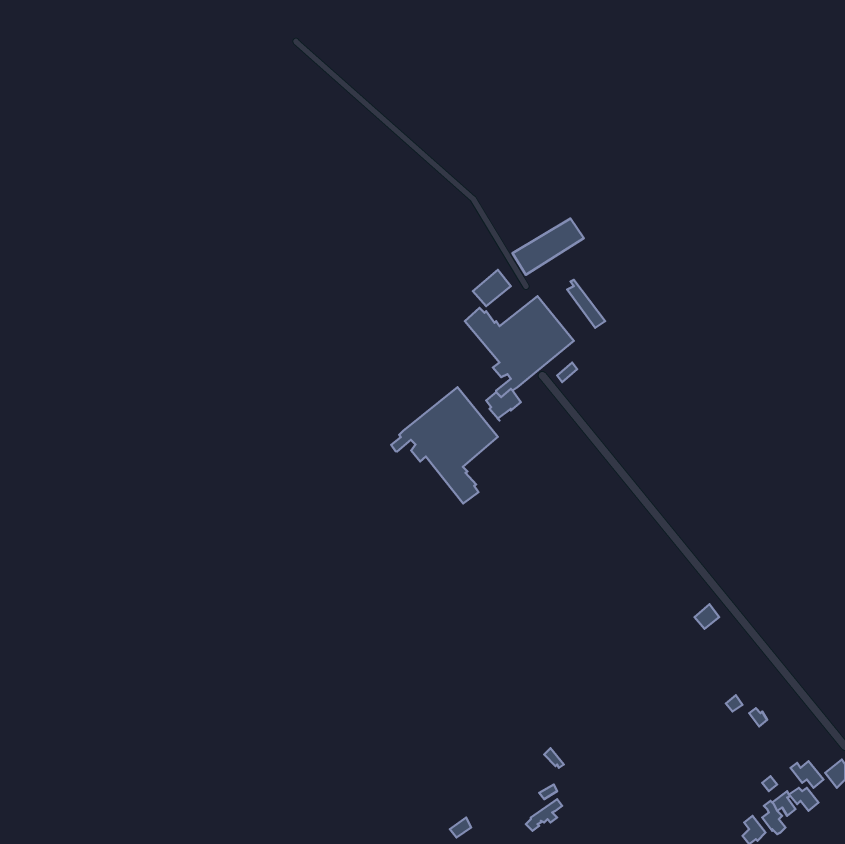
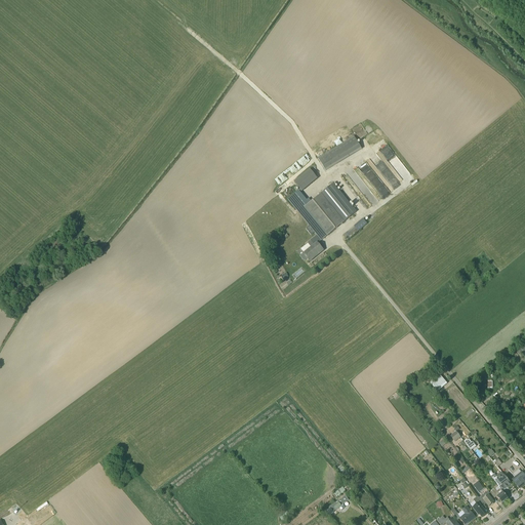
building: [391,387,498,503] -> none

